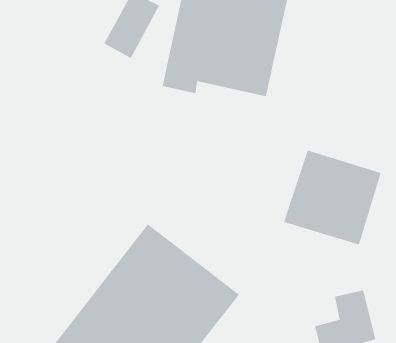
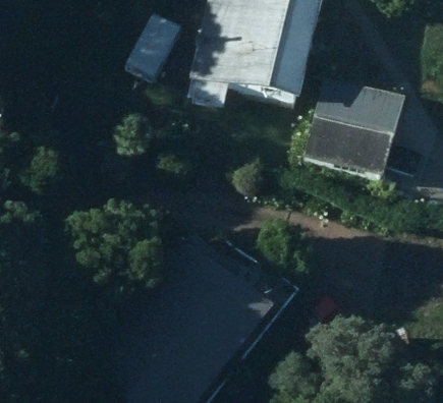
building: [283,150,381,245] -> [301,77,406,179]

